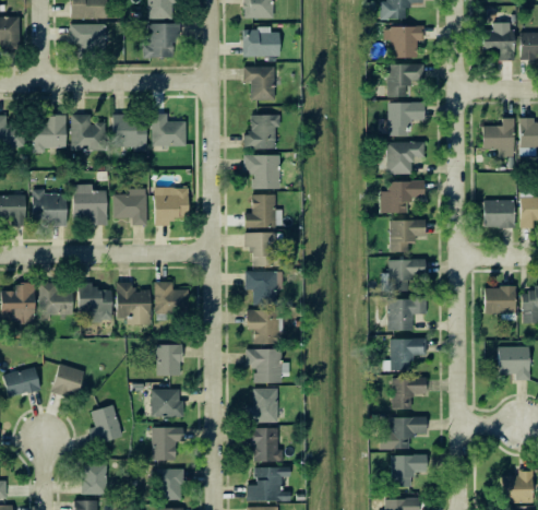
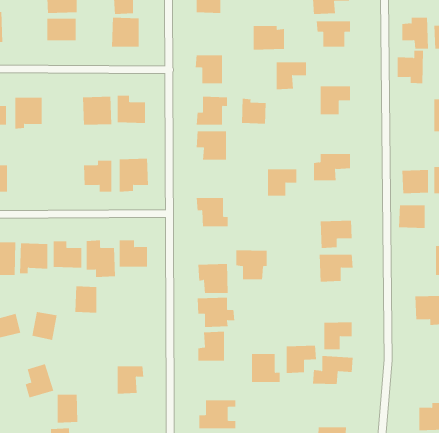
building: [242,28,279,57] -> [253,26,285,50]
building: [387,64,423,97] -> [276,62,307,90]
building: [70,115,106,151] -> none
building: none -> [241,98,266,124]
building: [482,118,514,157] -> [397,50,424,84]
building: [386,142,425,175] -> none
building: [72,185,107,225] -> none
building: [32,190,67,224] -> none
building: [244,194,282,227] -> none
building: [390,221,425,252] -> [267,169,297,196]
building: [244,271,282,306] -> [236,250,268,280]
building: [483,287,515,315] -> [398,205,425,228]
building: [390,339,427,370] -> none
building: [155,344,181,376] -> [74,286,97,313]
building: [151,389,183,417] -> none
building: [88,405,122,446] -> [25,363,54,398]
building: [249,428,283,462] -> [251,353,280,383]
building: [391,454,427,487] -> [286,345,317,373]
building: [157,469,182,500] -> none

